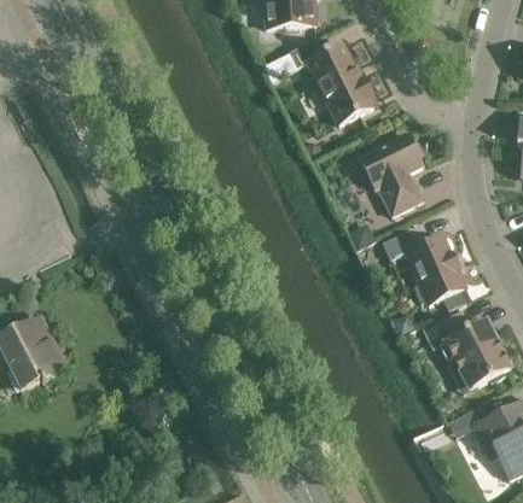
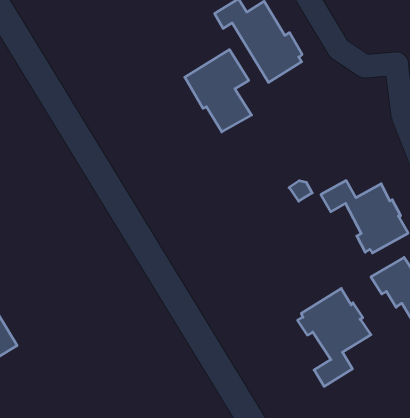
building: [359,133,423,215] -> [185,50,252,132]
building: none -> [298,288,371,386]

